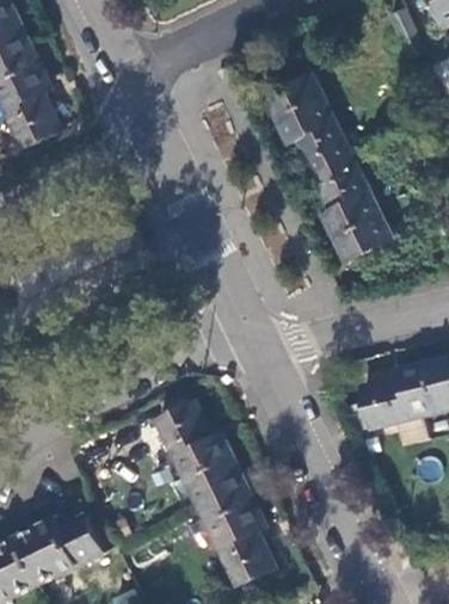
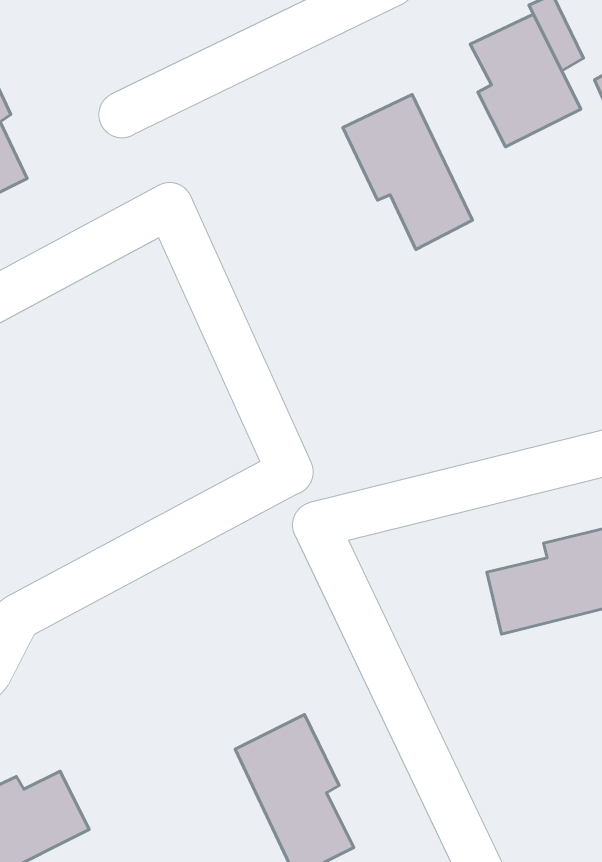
building: none -> [470,14,581,147]
building: [314,156,392,263] -> none
building: [155,401,241,503] -> none

